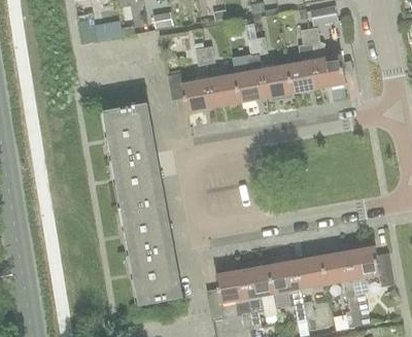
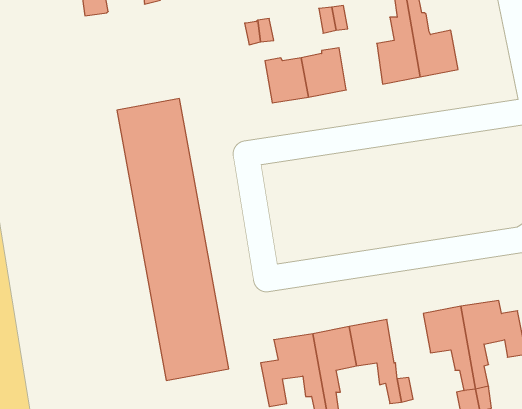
building: [261,64,291,97] -> none
building: [167,73,213,111] -> none
building: [295,256,325,291] -> none

